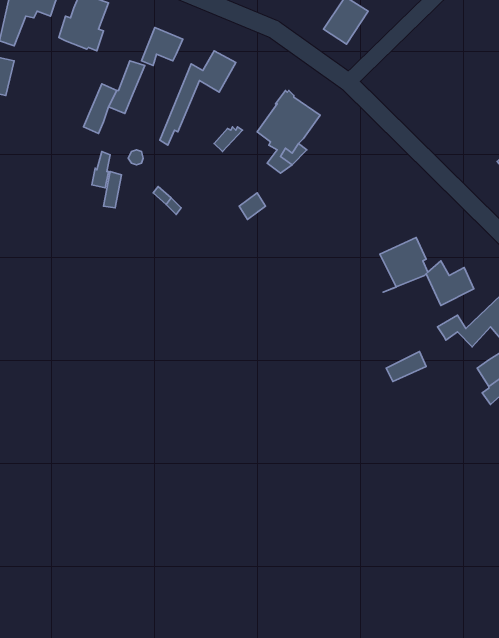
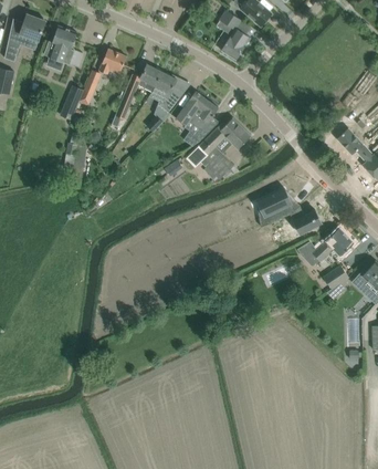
building: none -> [149,72,182,112]
building: none -> [186,117,251,181]

